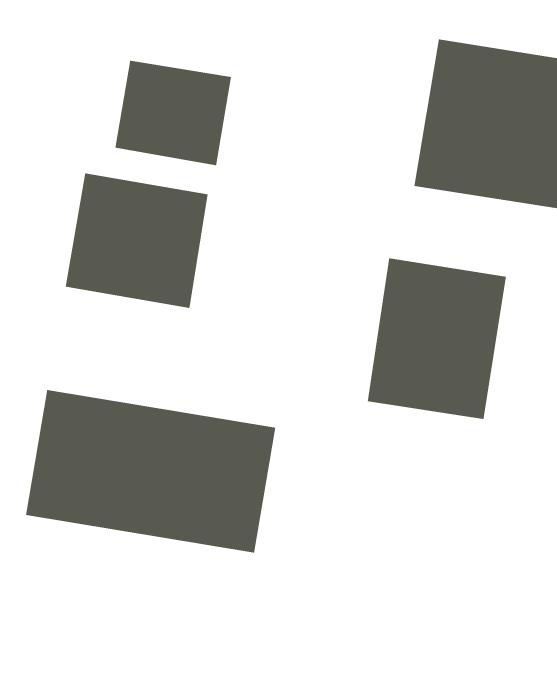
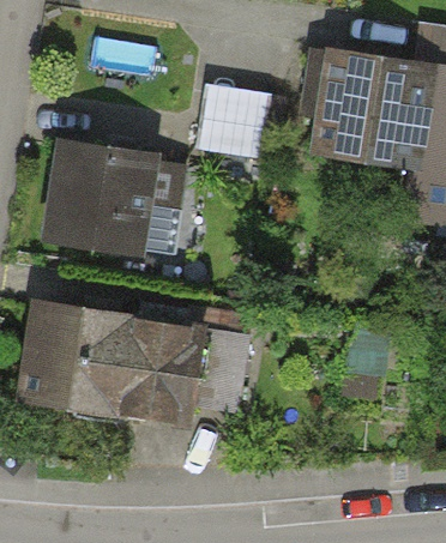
building: [115,60,232,166] -> [194,84,279,161]
building: [367,258,506,420] -> none

